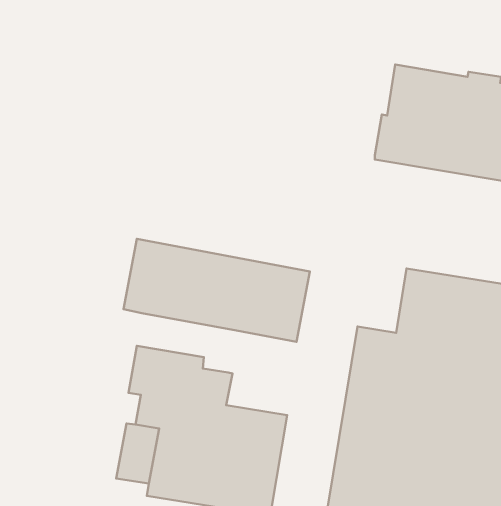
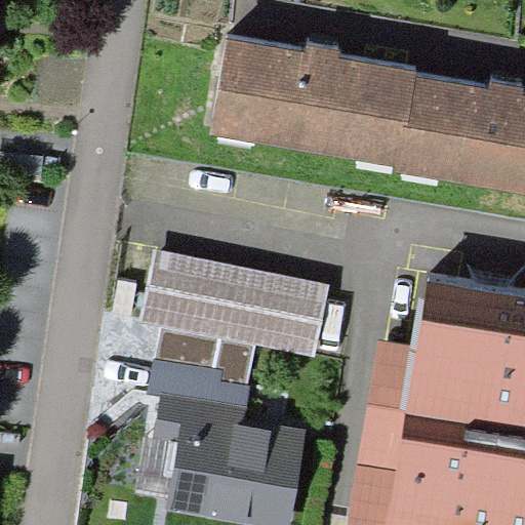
building: none -> [209,37,417,167]
building: none -> [156,326,256,386]

